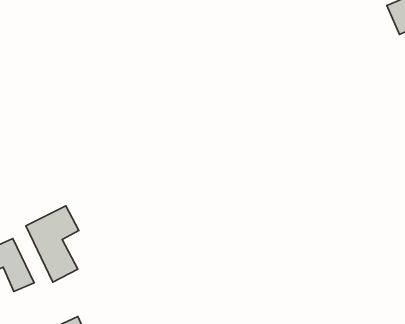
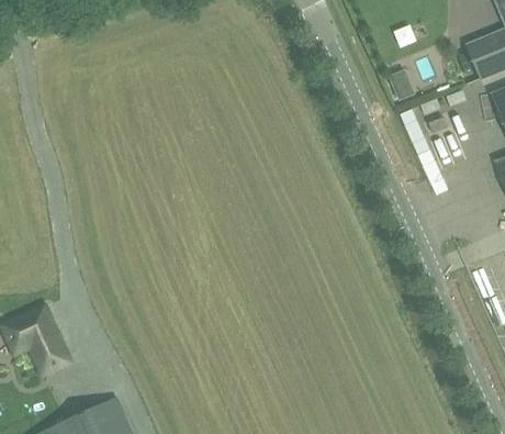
building: [26,206,79,282] -> none

